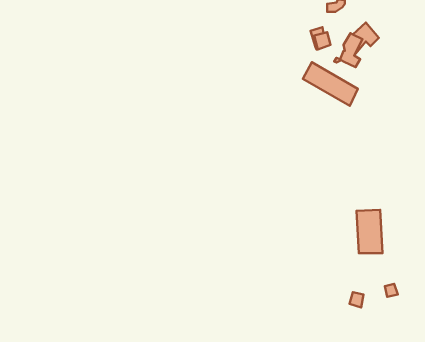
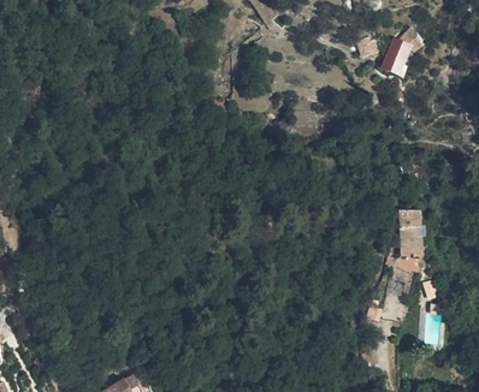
building: [303,62,358,106] -> none

